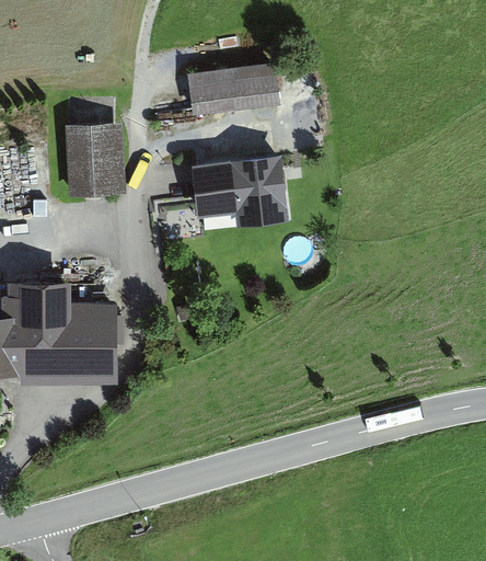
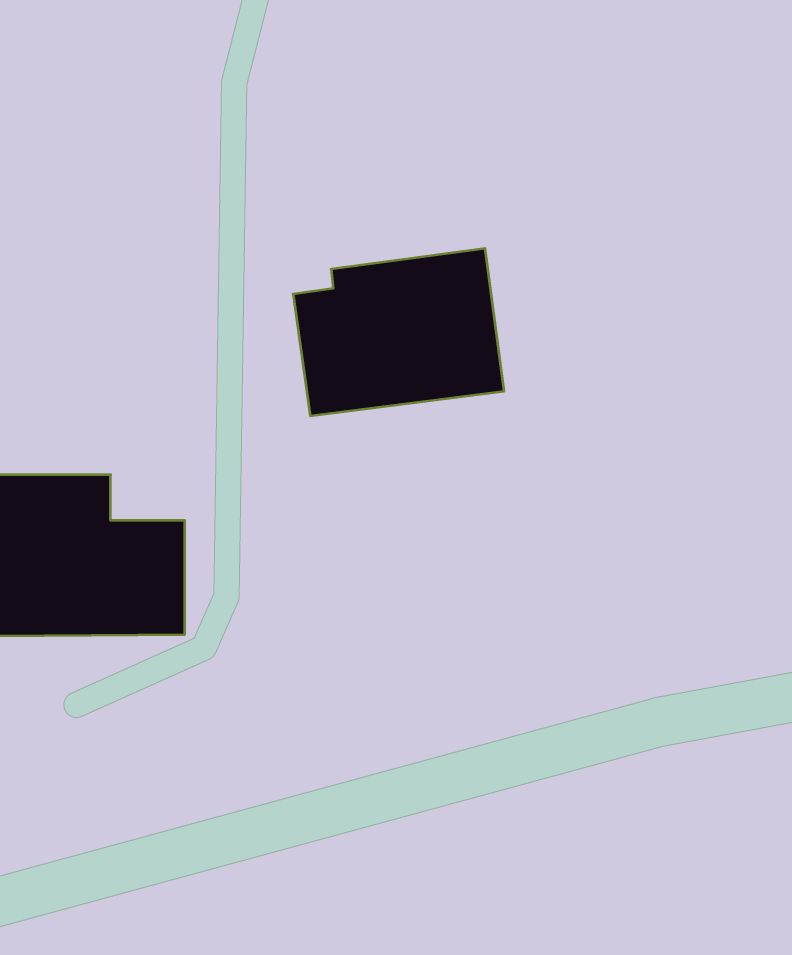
building: [187,65,279,114] -> none
building: [61,123,128,204] -> none

